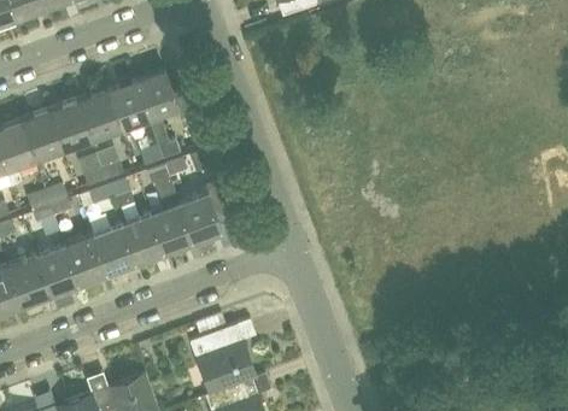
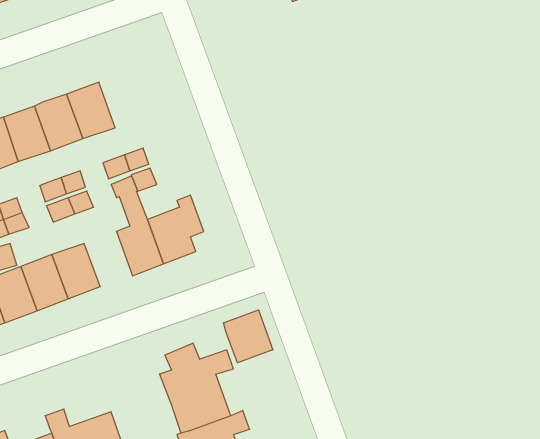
building: [134,70,192,136] -> none
building: [121,213,164,263] -> none
building: none -> [223,310,273,363]

